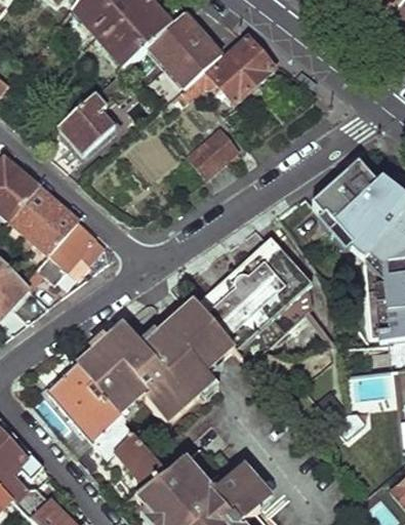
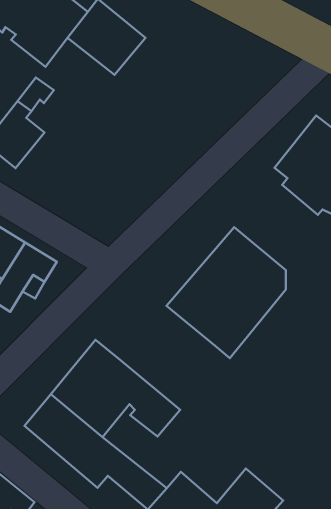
building: [169,38,272,107] -> none
building: [187,129,234,173] -> none
building: [144,304,232,400] -> none

